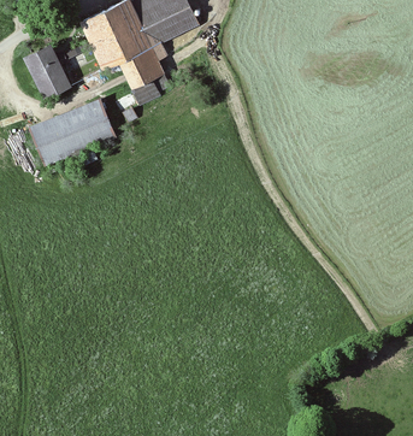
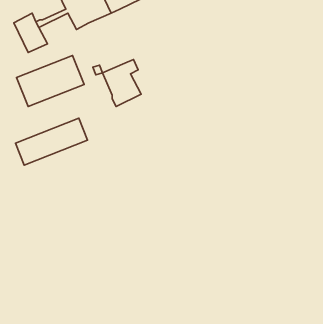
building: [120,41,169,100] -> [103,59,141,107]
building: none -> [15,118,87,165]

